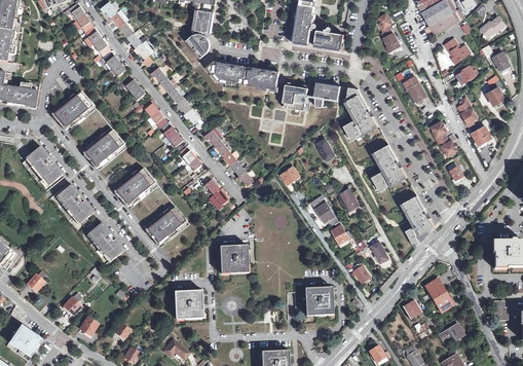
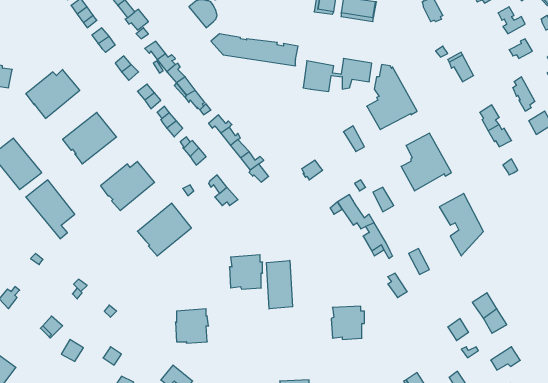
building: [79,224,122,264] -> none
building: none -> [266,260,293,309]

